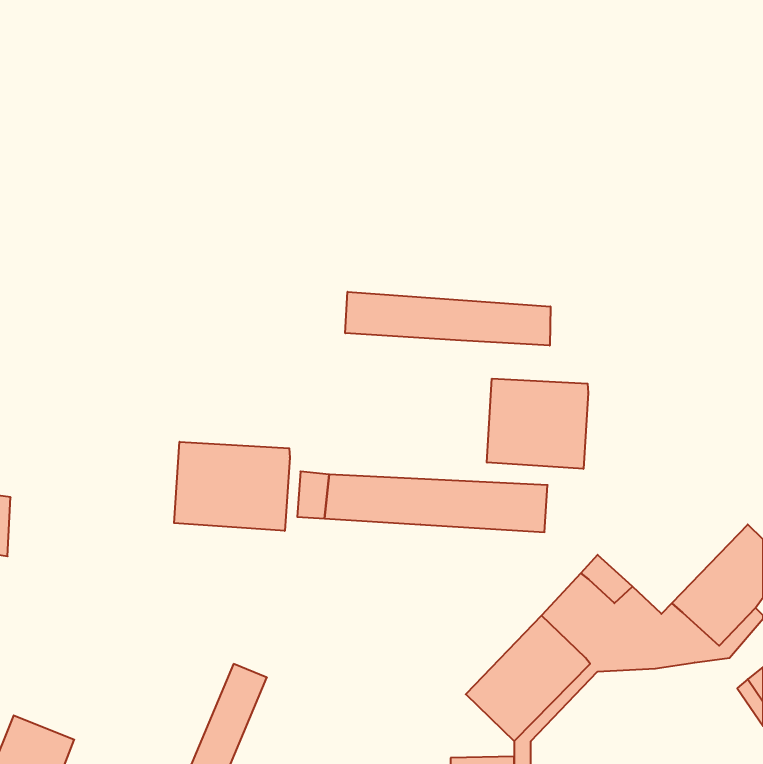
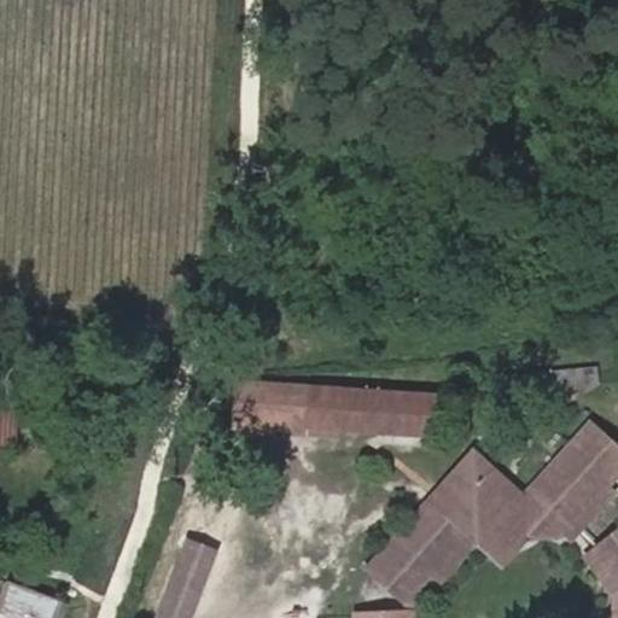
building: [345,292,550,346] -> none
building: [487,379,588,469] -> none
building: [174,442,290,531] -> none

